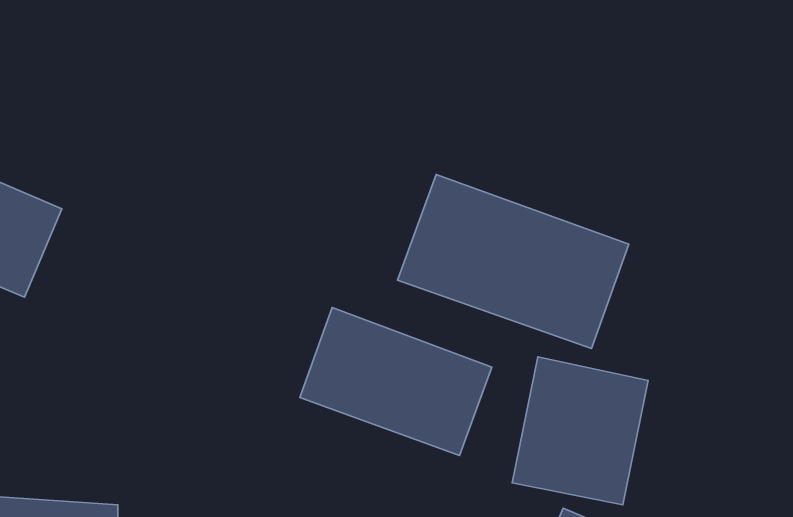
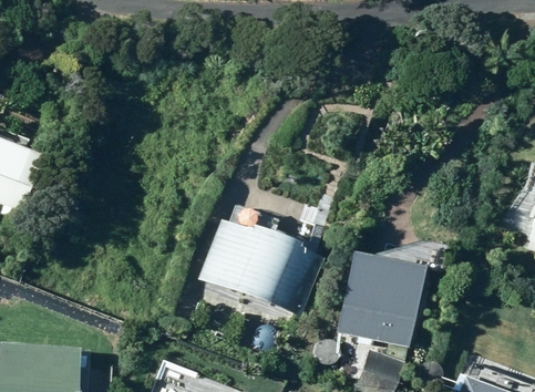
building: [398,174,629,348] -> none

